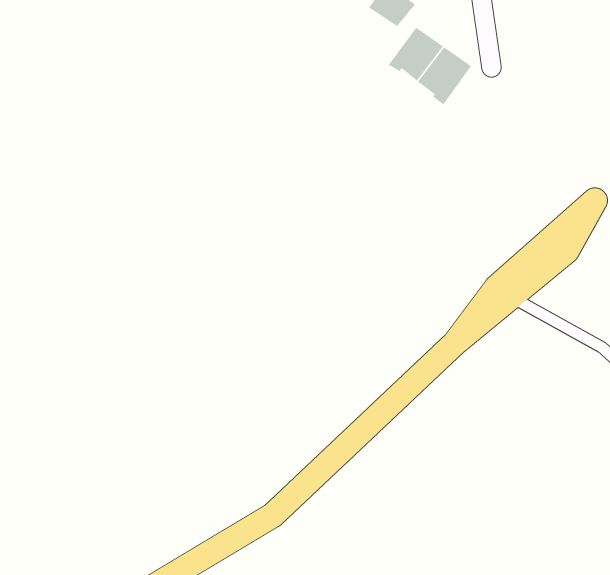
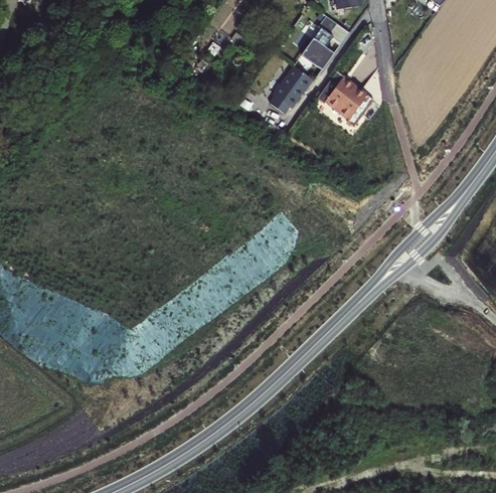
building: none -> [270,65,312,114]

